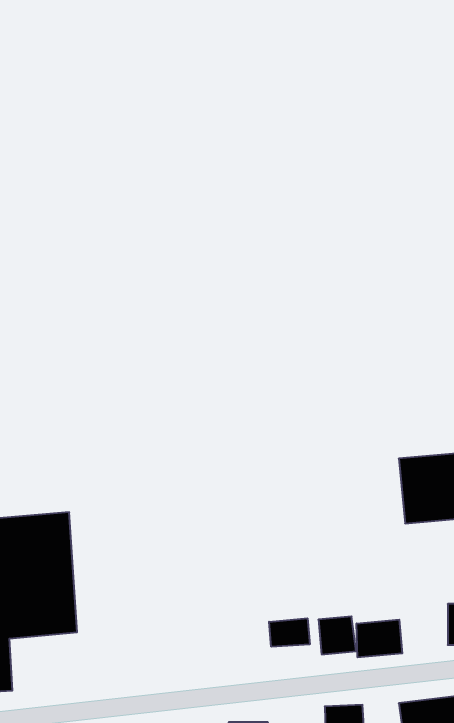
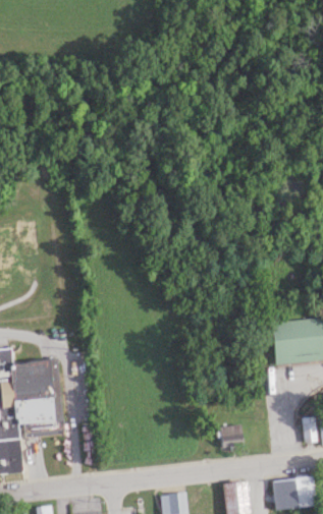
building: [269,618,310,647] -> none
building: [357,620,402,657] -> none

